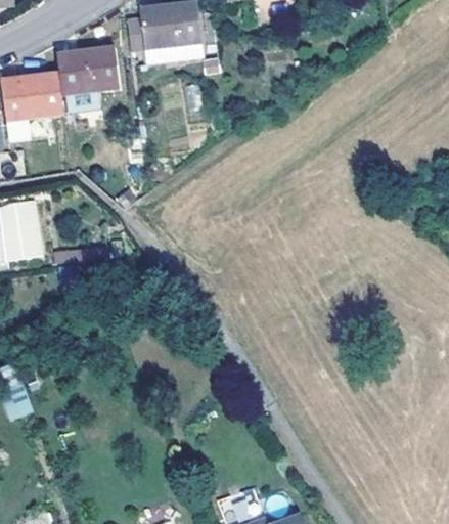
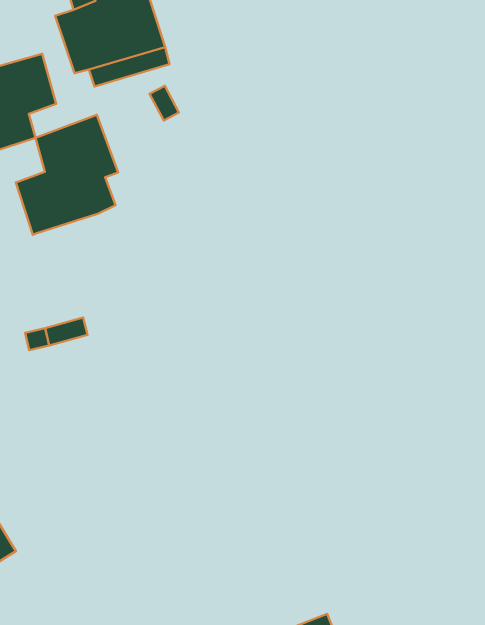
building: none -> [16,115,118,235]

